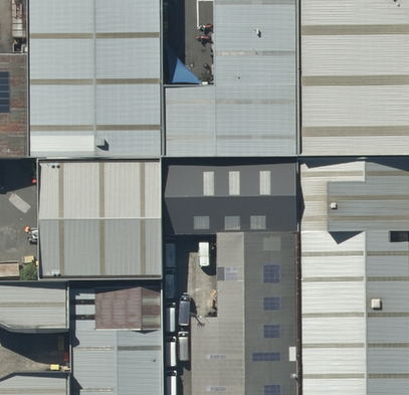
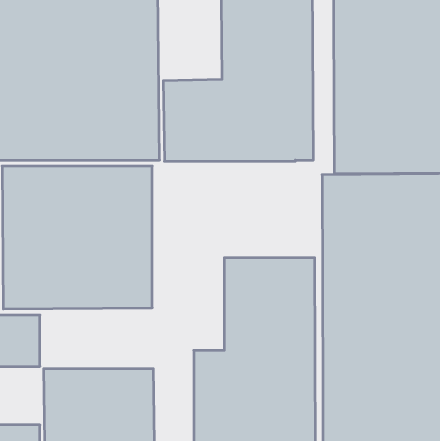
building: [167,165,293,231] -> none
building: [69,280,161,326] -> none

